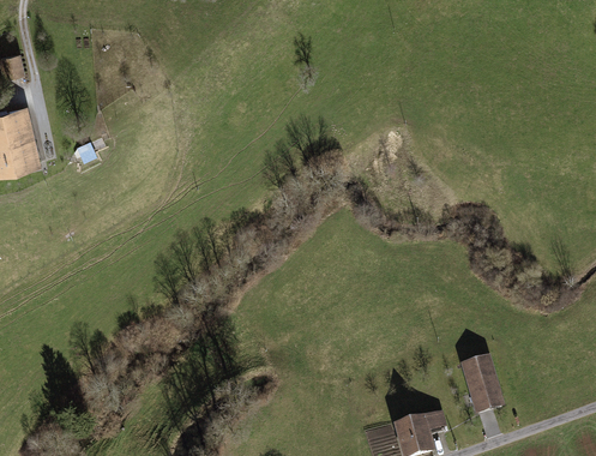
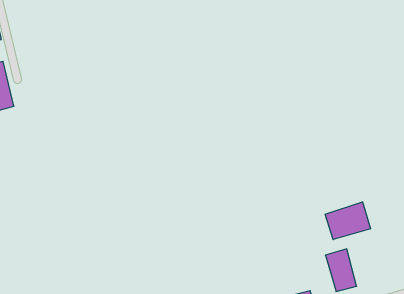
building: none -> [325,202,370,240]

